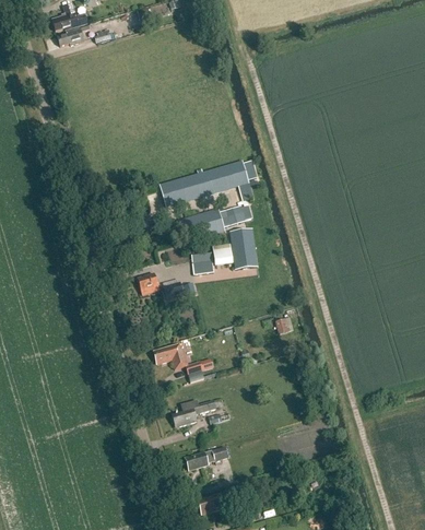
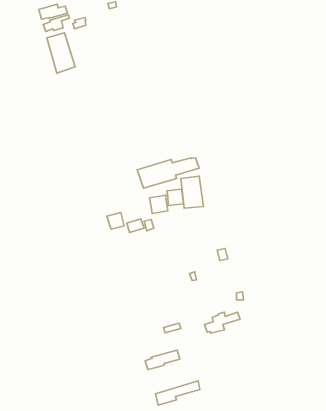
building: none -> [47,33,75,73]
building: [160,160,258,207] -> none
building: [154,343,203,374] -> none
building: [173,399,217,425] -> [204,312,240,333]

